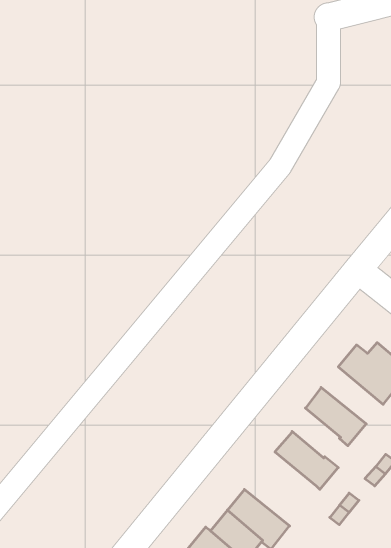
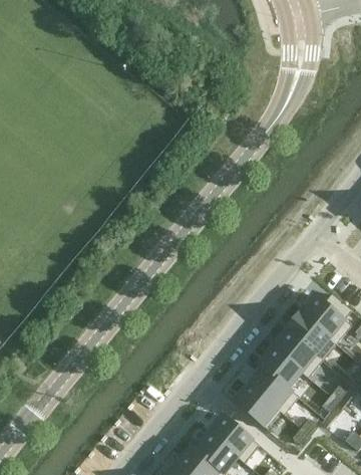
building: none -> [283,311,335,360]
building: none -> [256,346,300,388]
building: none -> [232,383,280,428]

